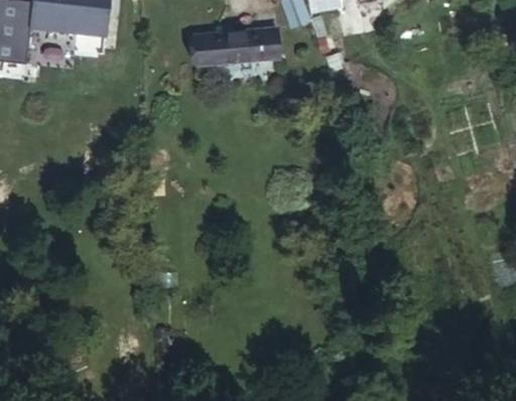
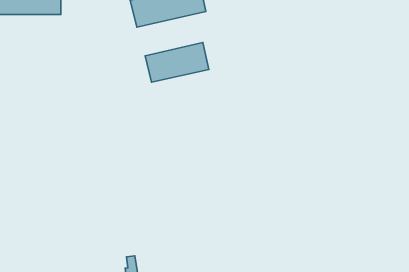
building: none -> [145,43,209,82]

